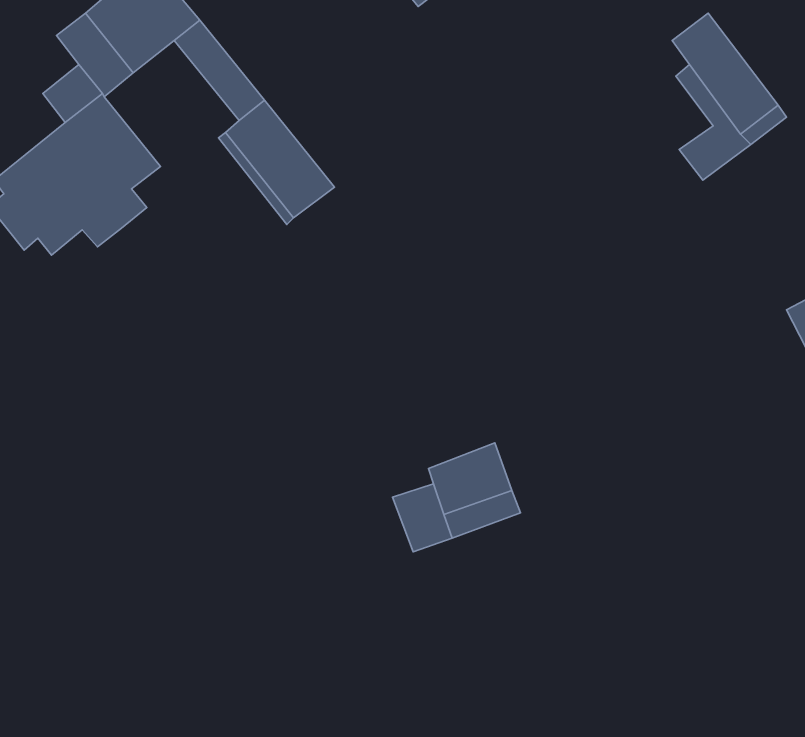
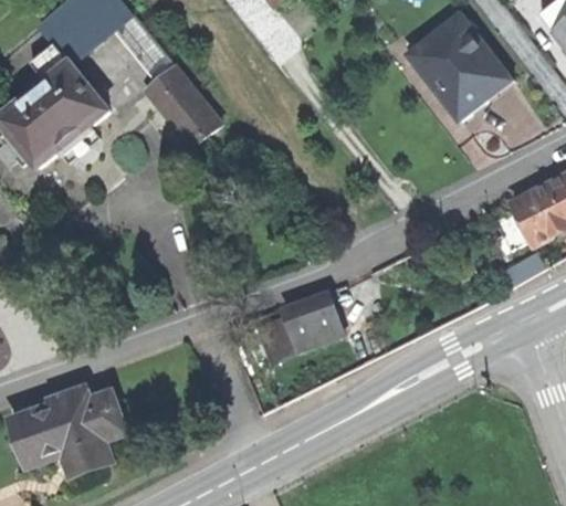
building: none -> [408,29,465,99]
building: none -> [12,388,124,473]

